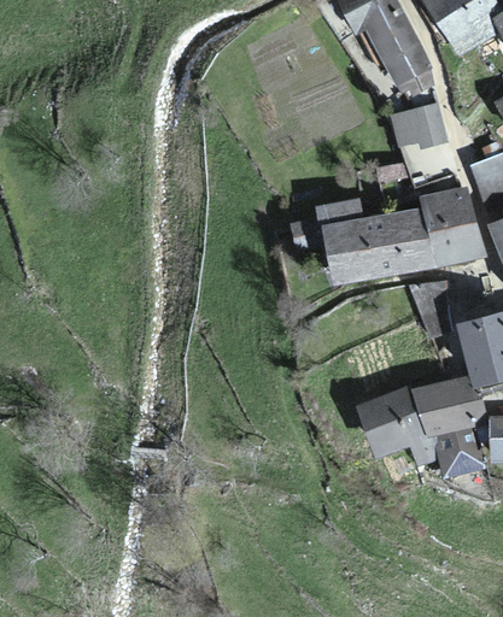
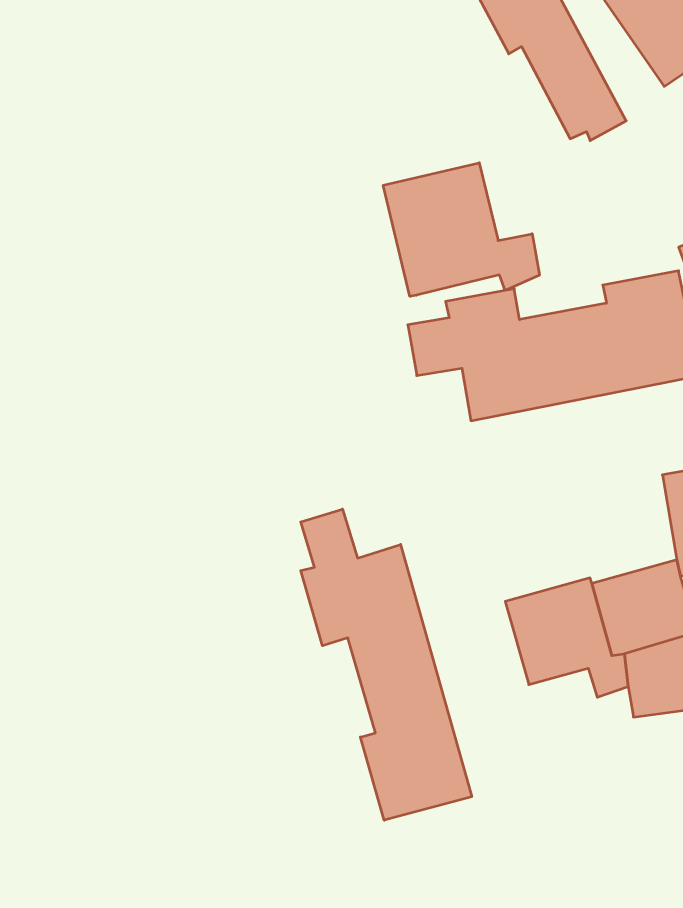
building: [392,104,448,151] -> none
building: none -> [383,163,539,296]
building: none -> [301,509,472,820]

